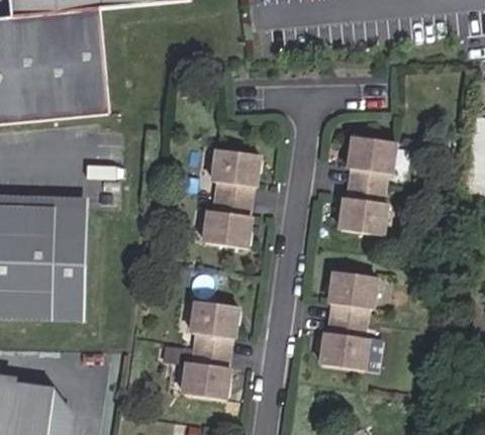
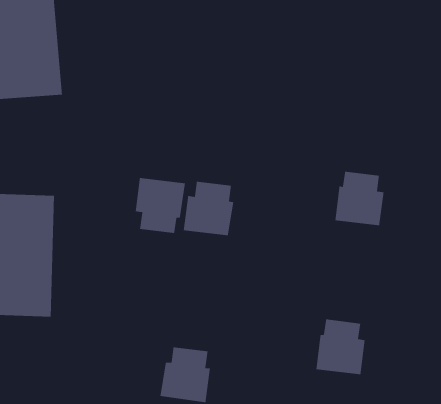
building: [348,137,394,189] -> none
building: [211,146,258,198] -> [135,177,186,234]
building: [330,271,377,323] -> none
building: [191,297,236,348] -> none

